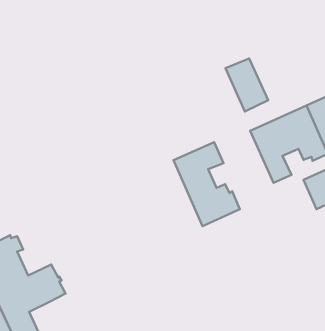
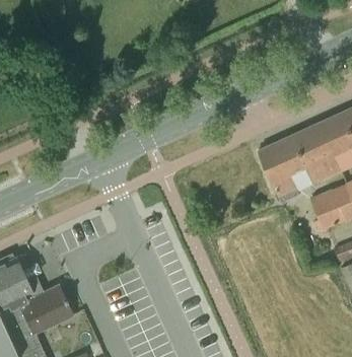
building: [225,59,268,111] -> none
building: [173,142,240,226] -> none

